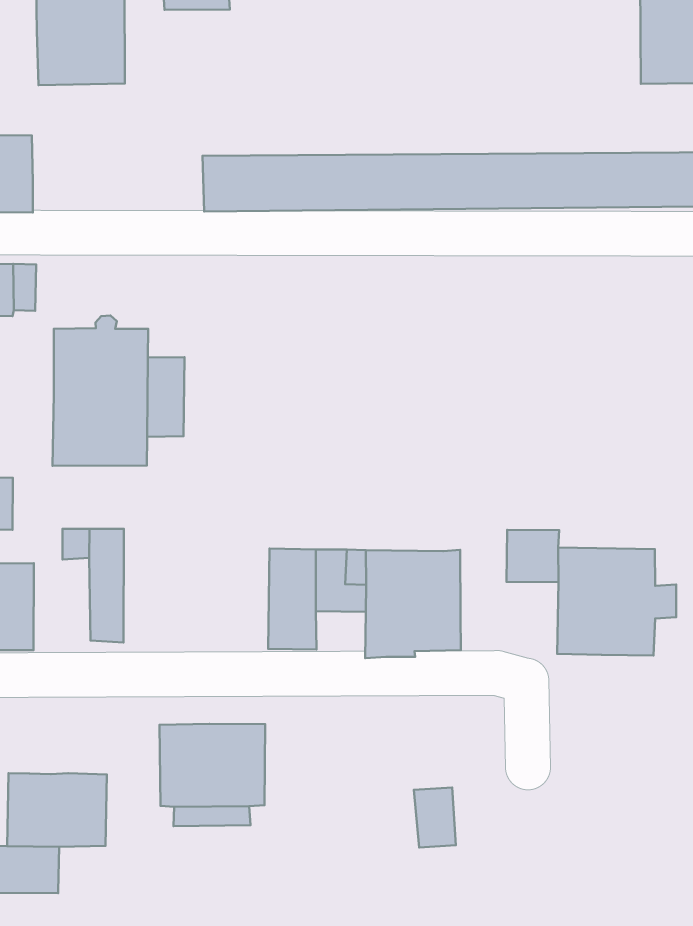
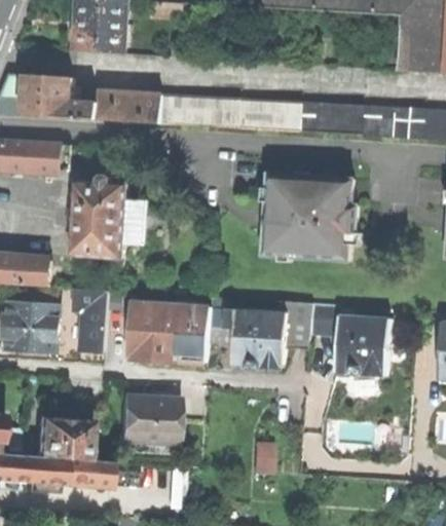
building: none -> [69,89,161,123]
building: none -> [264,175,358,259]
building: none -> [276,301,311,349]
building: none -> [128,302,184,359]
building: none -> [60,457,107,484]

